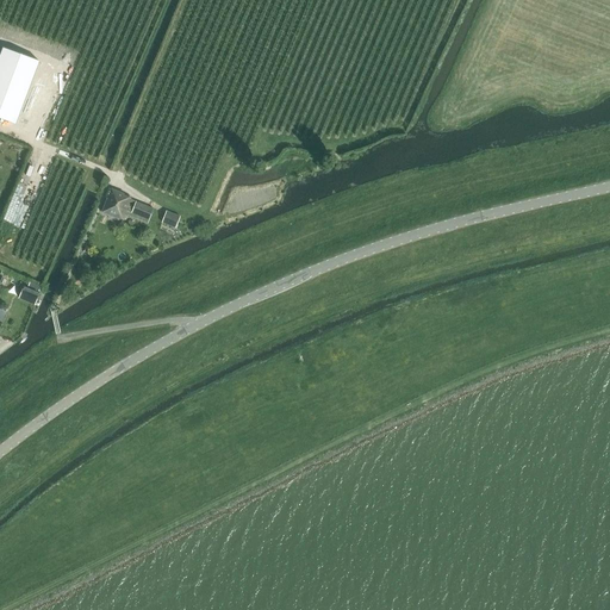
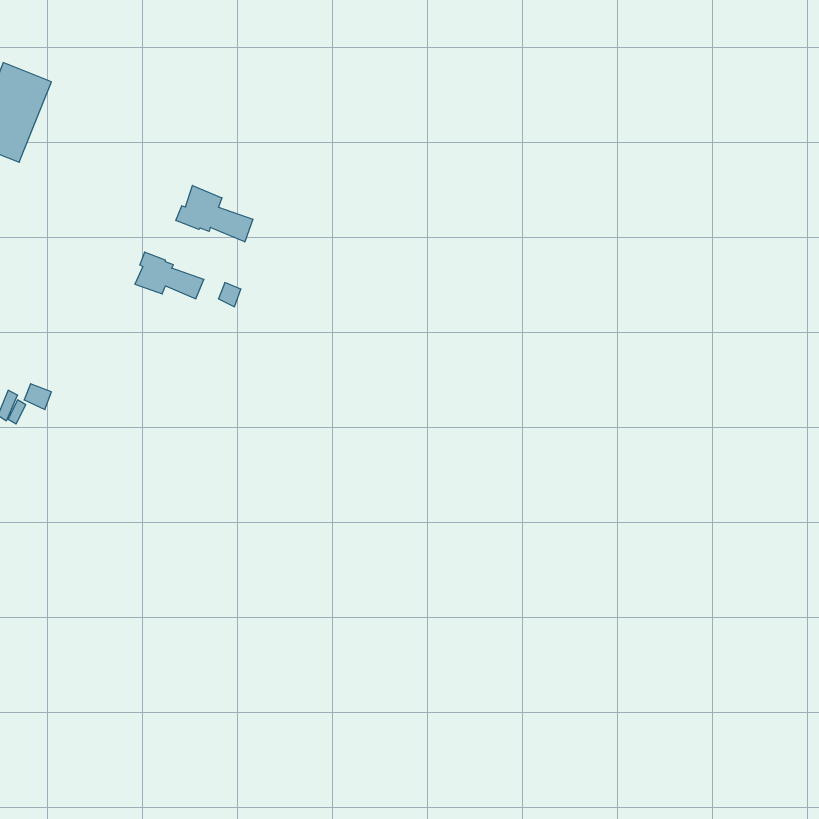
building: none -> [176,185,253,242]

